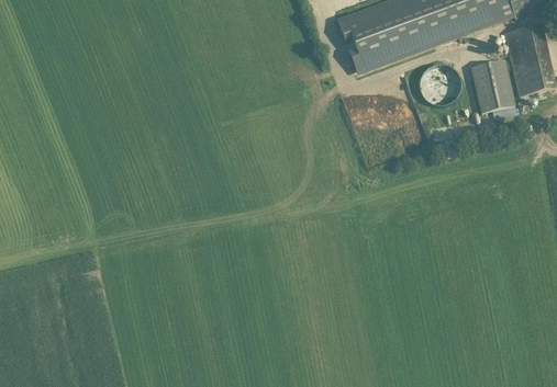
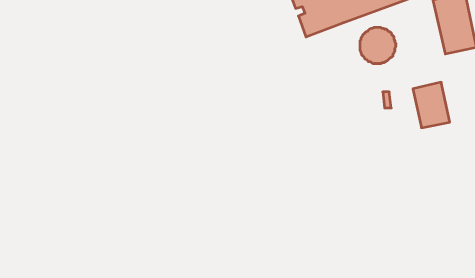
building: [470,59,513,112] -> [413,82,450,128]

